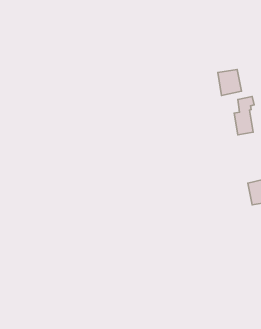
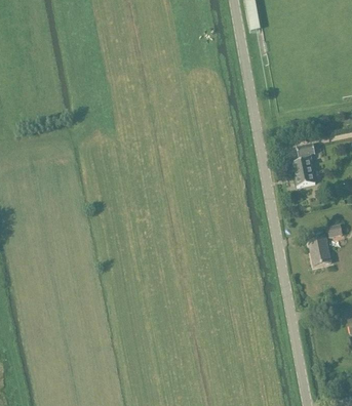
building: [218,69,241,95] -> none

